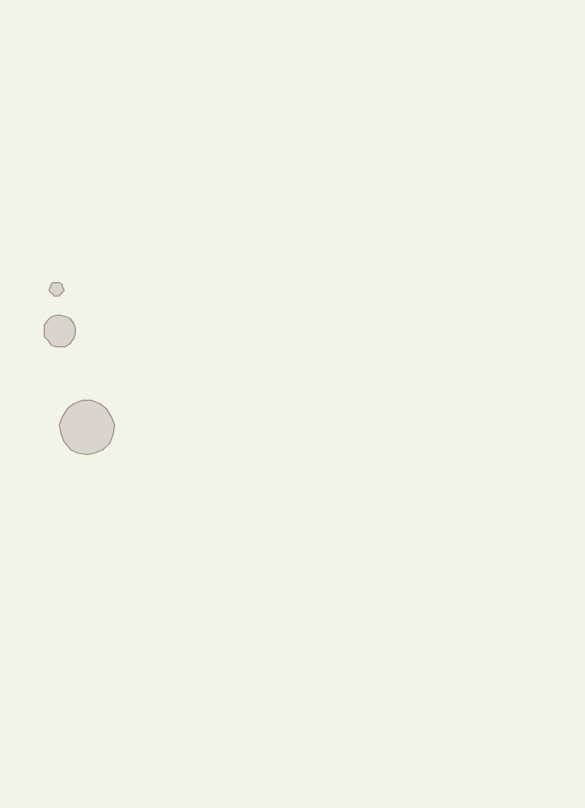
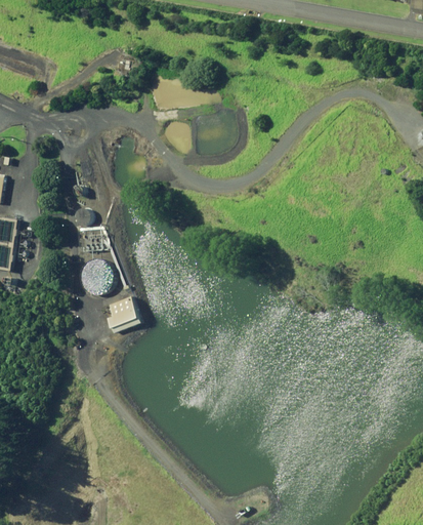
building: none -> [108,297,141,333]

